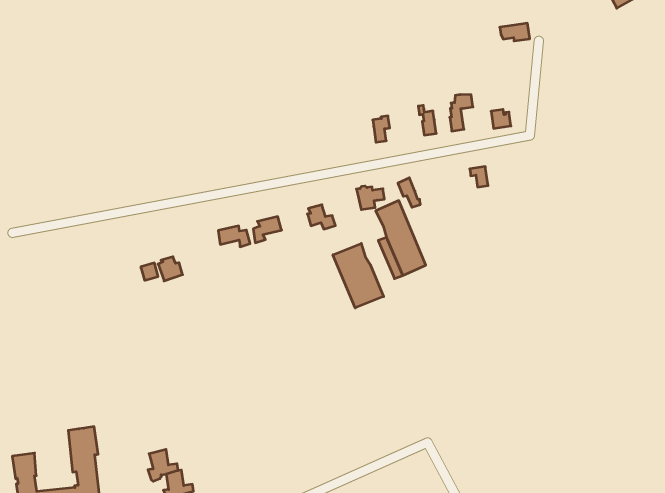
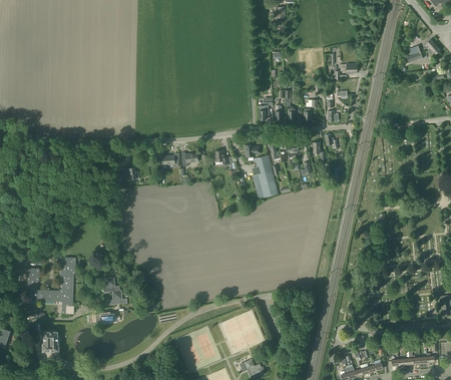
building: [333,243,384,308] -> none

